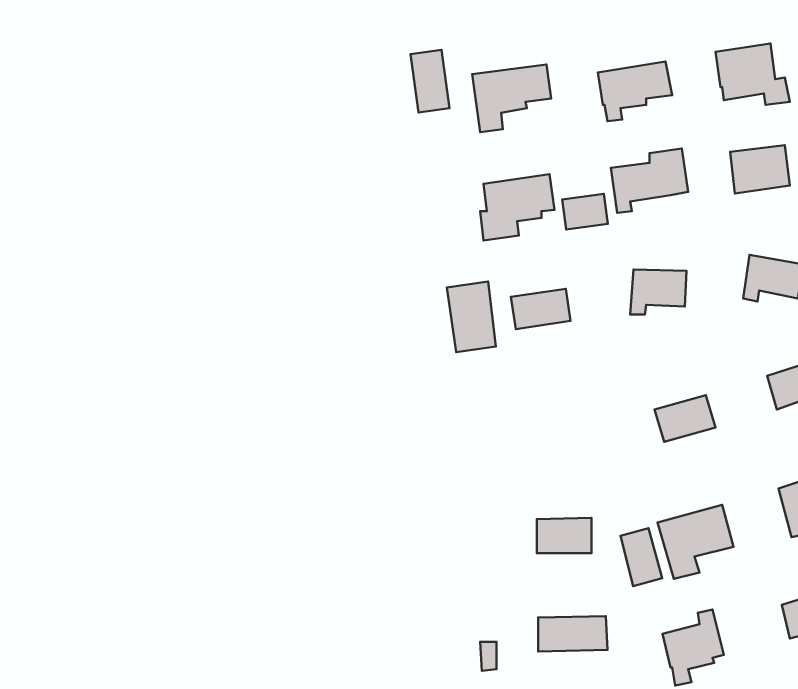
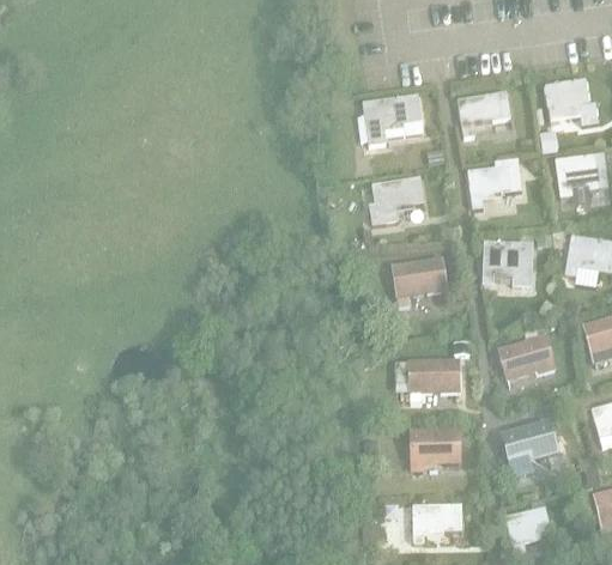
building: [410,50,450,112] -> none
building: [562,194,608,229] -> none
building: [447,282,496,352] -> none
building: none -> [412,362,452,388]
building: [621,528,662,586] -> none

